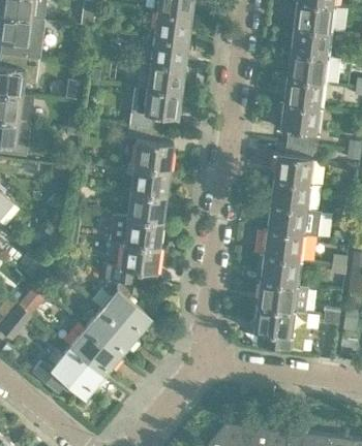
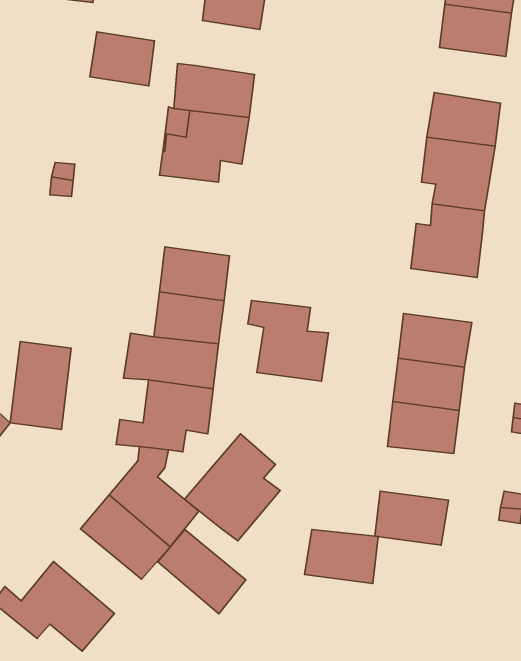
building: [149,37,186,68] -> [90,32,154,86]
building: [286,53,328,85] -> none
building: [126,126,173,172] -> [248,300,329,381]
building: [269,180,311,211] -> none
building: none -> [10,341,71,430]
building: none -> [185,434,280,541]
building: [255,282,298,313] -> [305,529,378,583]
building: [67,329,118,378] -> [158,530,246,614]

